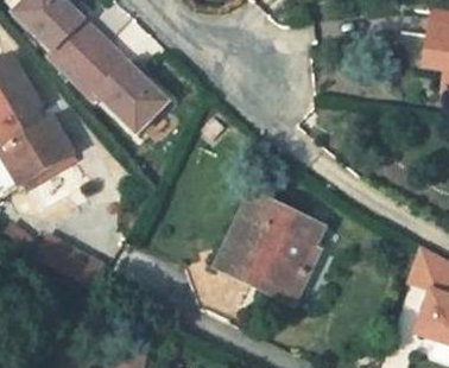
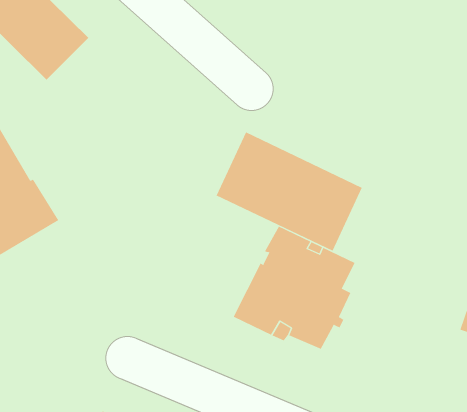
building: [69,37,169,132] -> none
building: none -> [216,132,363,252]

